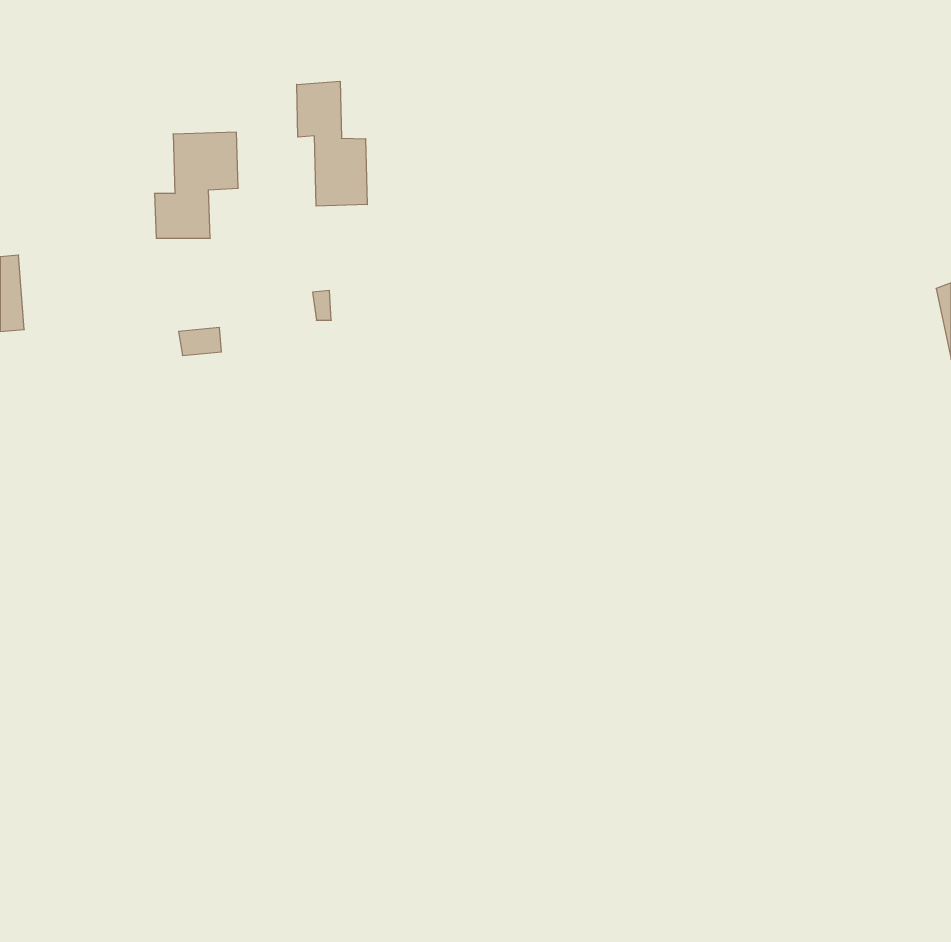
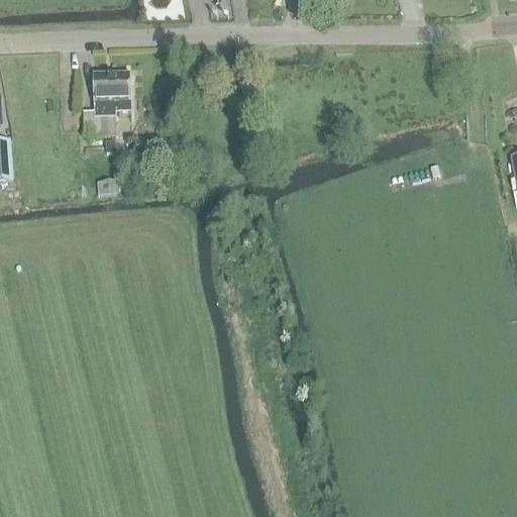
building: [297,81,367,206] -> none

